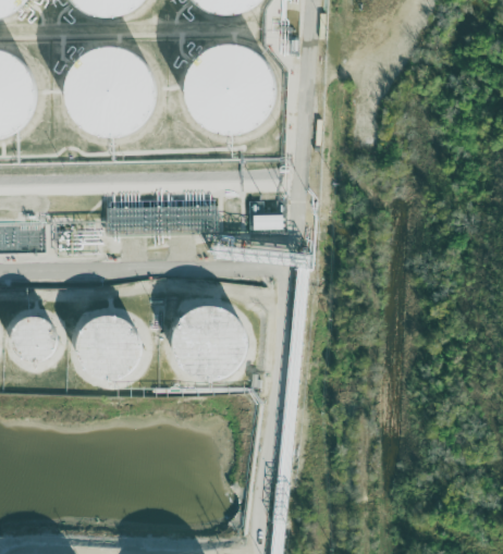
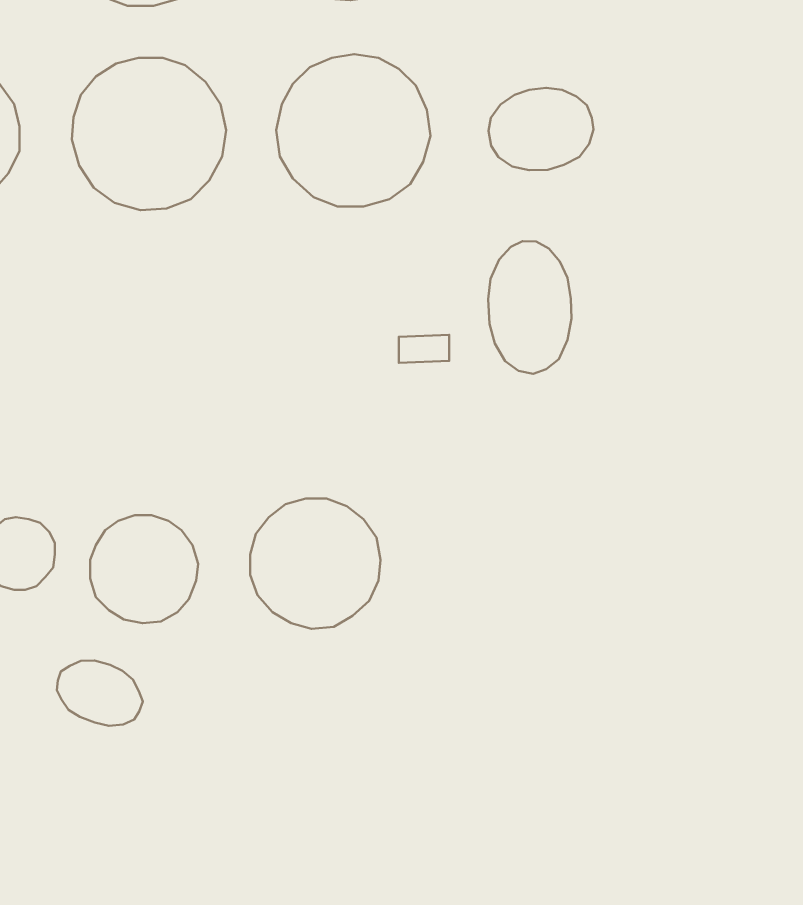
building: none -> [488,88,594,170]
building: none -> [488,241,572,374]
building: none -> [57,661,143,726]

